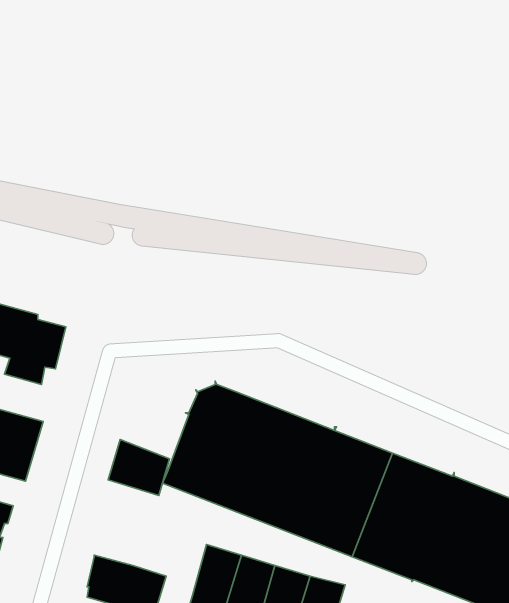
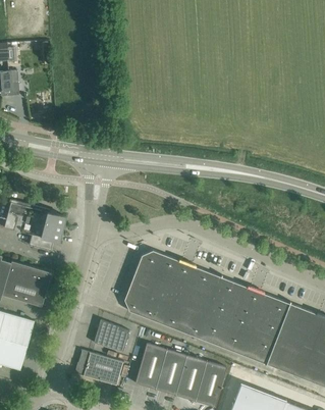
building: [108,439,169,496] -> [94,319,129,352]

